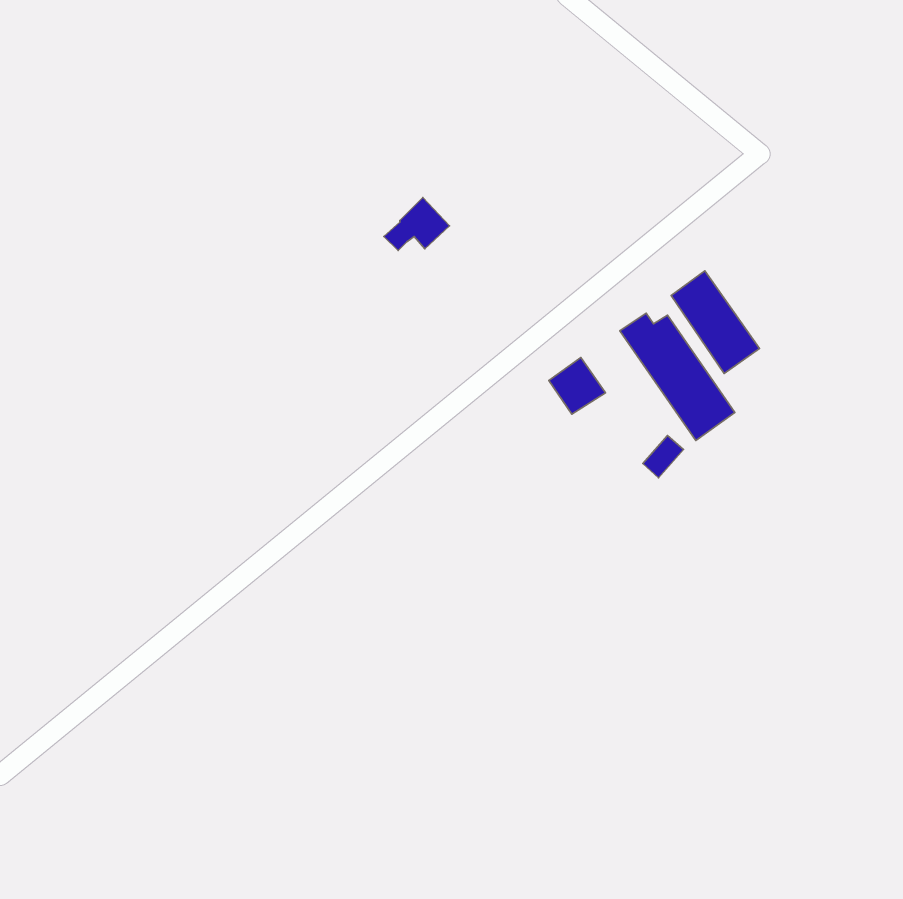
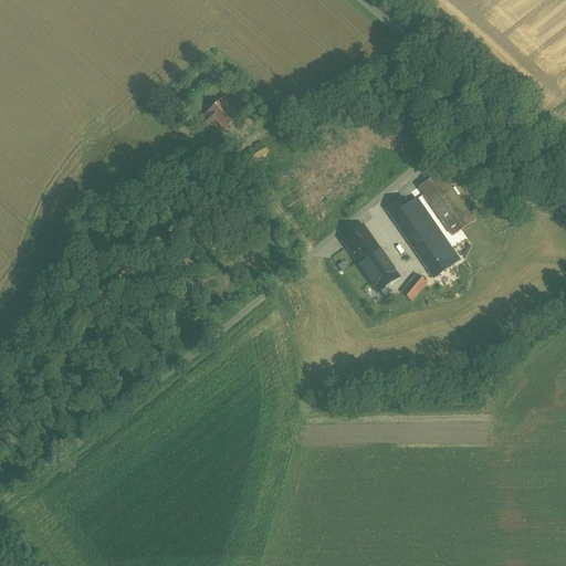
building: [384,197,449,251] -> [200,94,241,127]
building: none -> [358,245,399,289]

